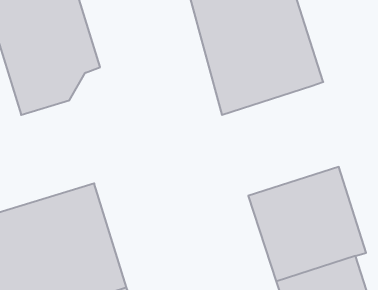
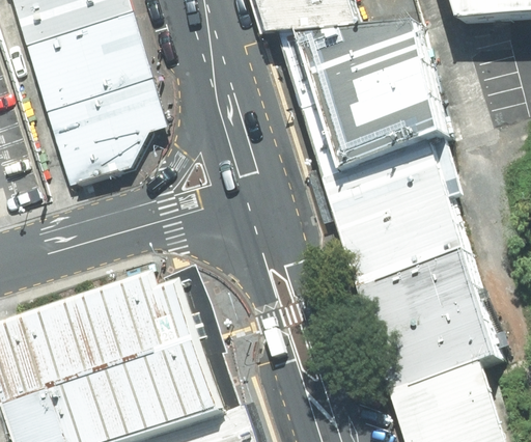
building: none -> [323,148,470,286]

